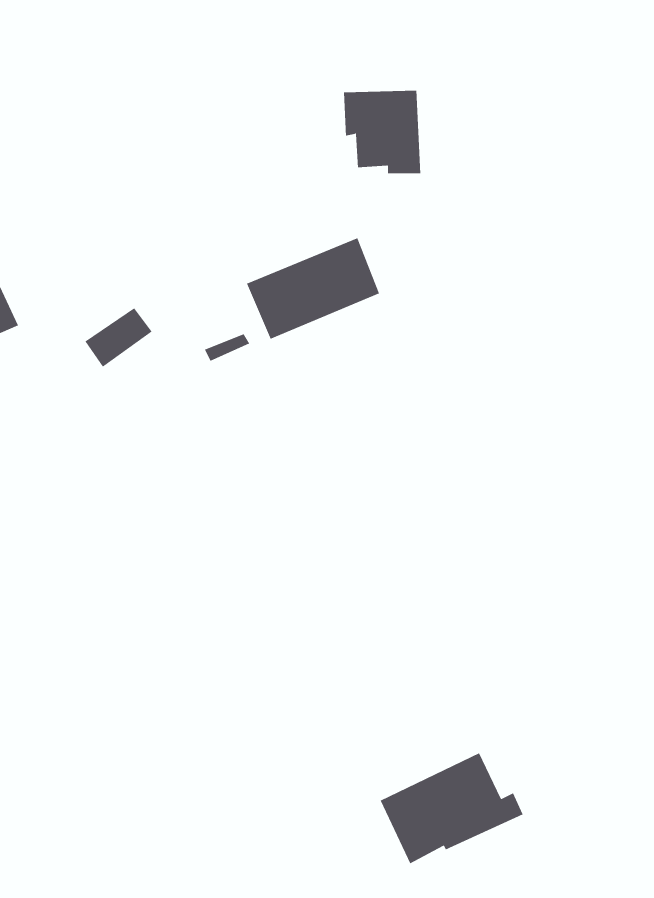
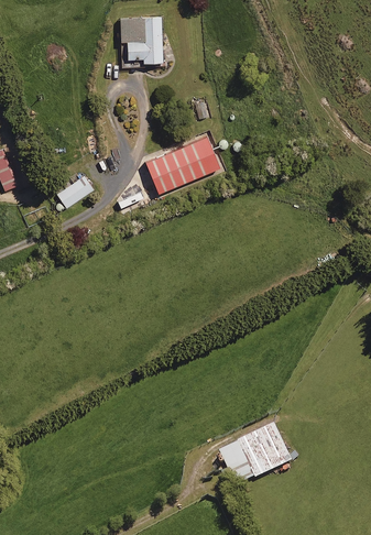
building: [343,90,421,174] -> [120,18,163,64]

